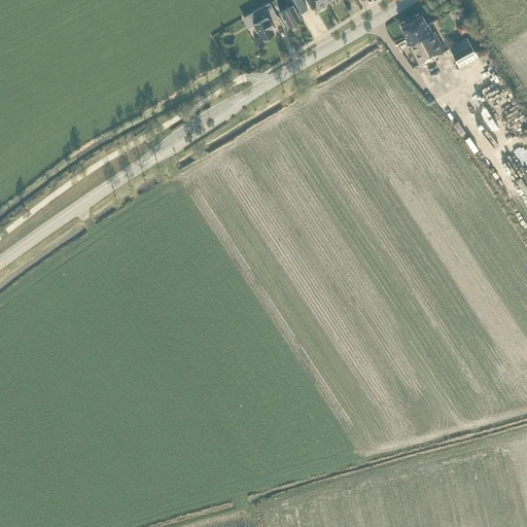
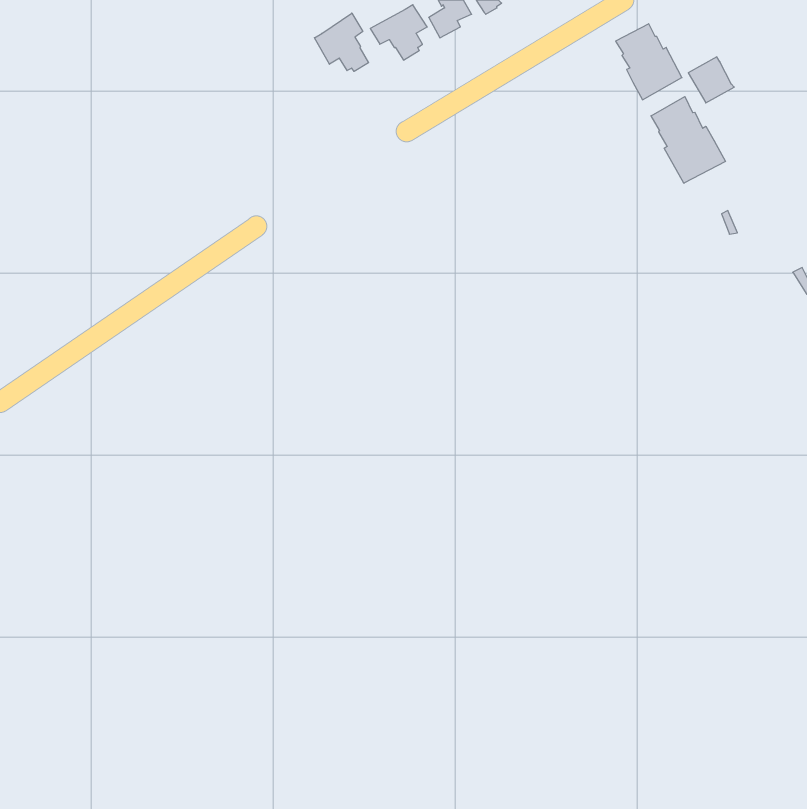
building: none -> [314,13,369,71]
building: none -> [651,97,725,183]

